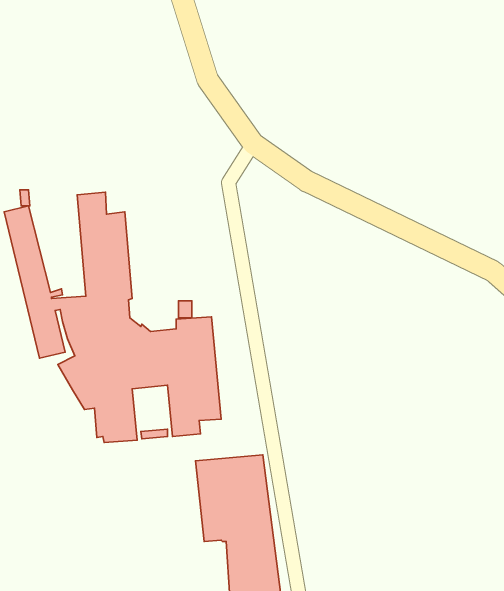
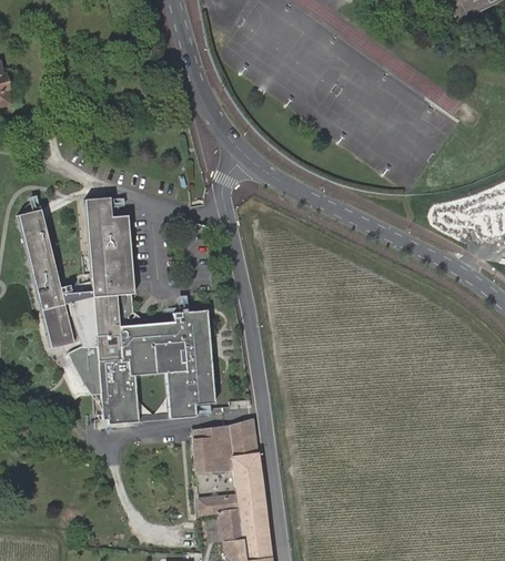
building: none -> [192,416,254,440]

